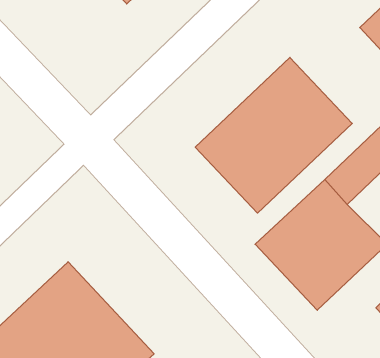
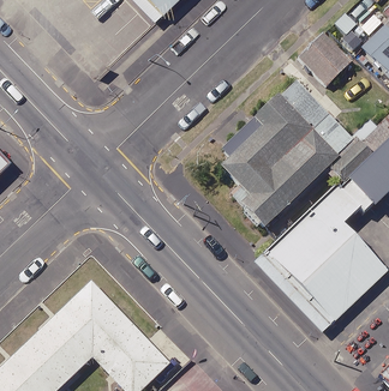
building: none -> [309,31,359,80]

